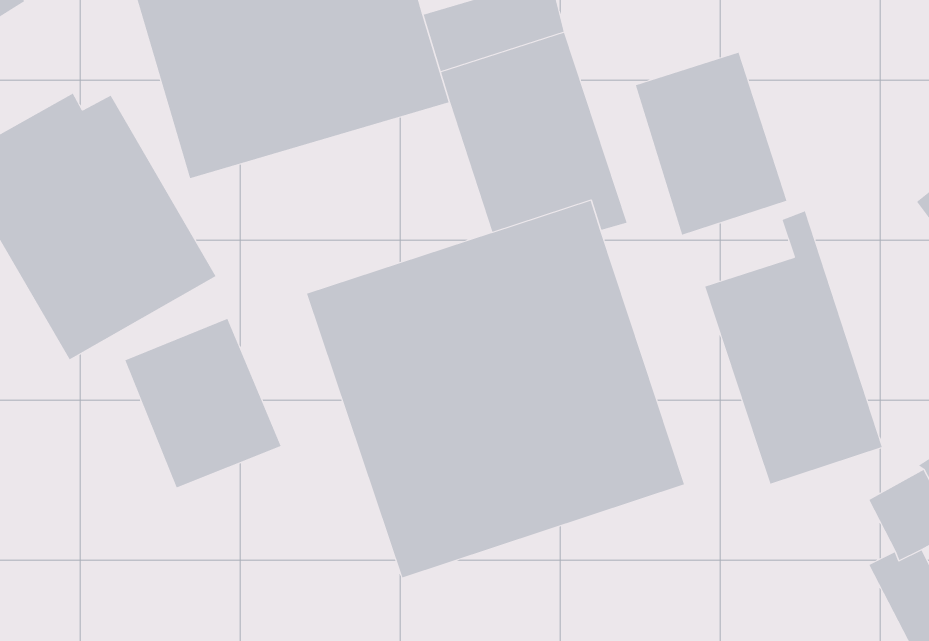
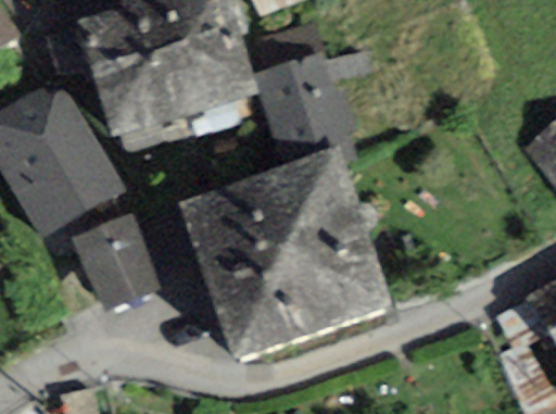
building: [635,52,787,235] -> none
building: [704,210,882,484] -> none

